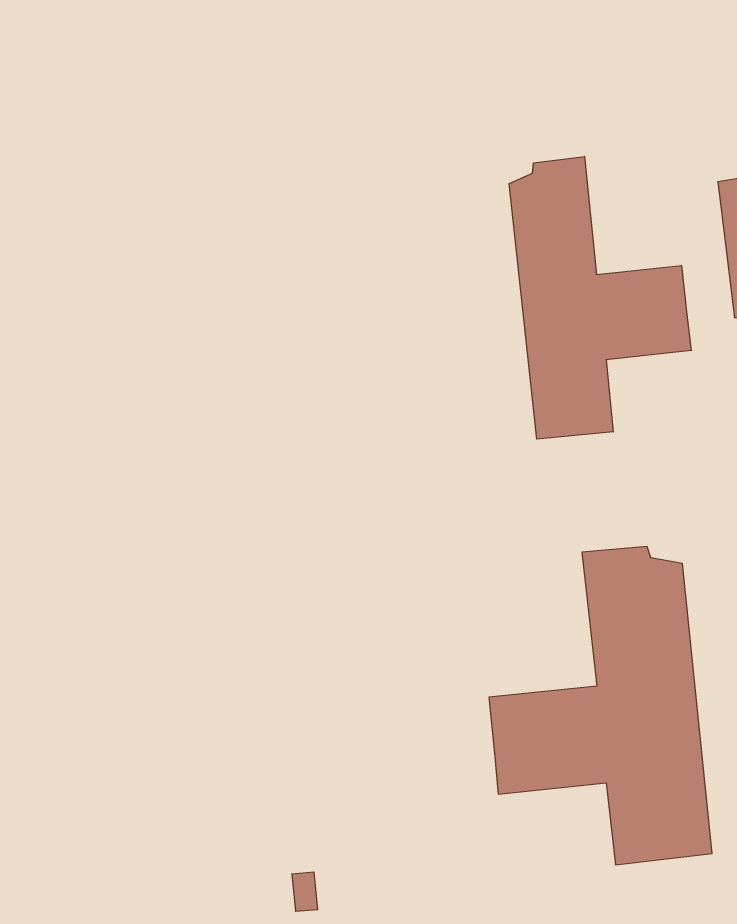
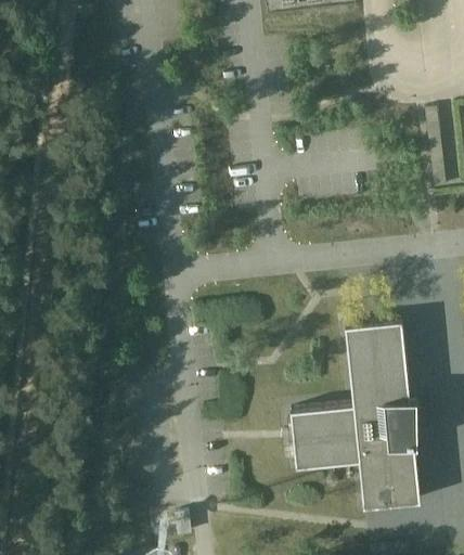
building: [509,156,691,439] -> none

